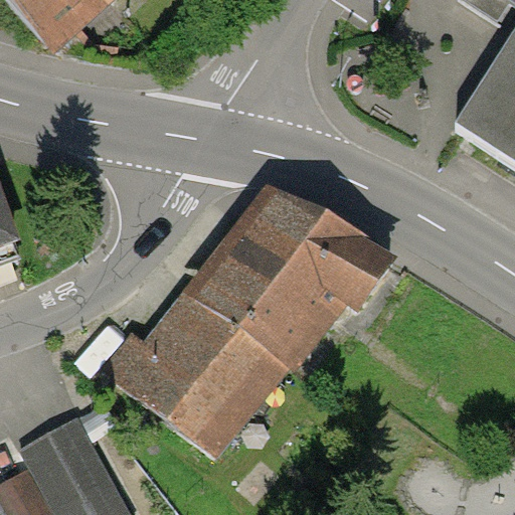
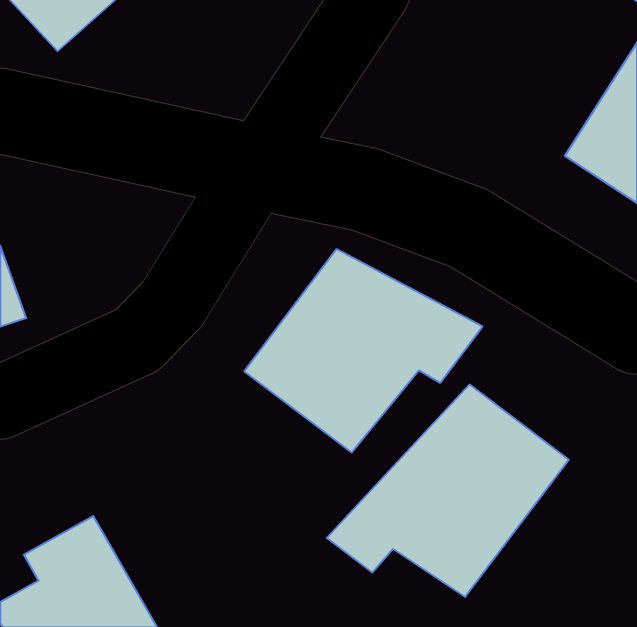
building: [110,294,284,457] -> none
building: none -> [327,385,569,597]

